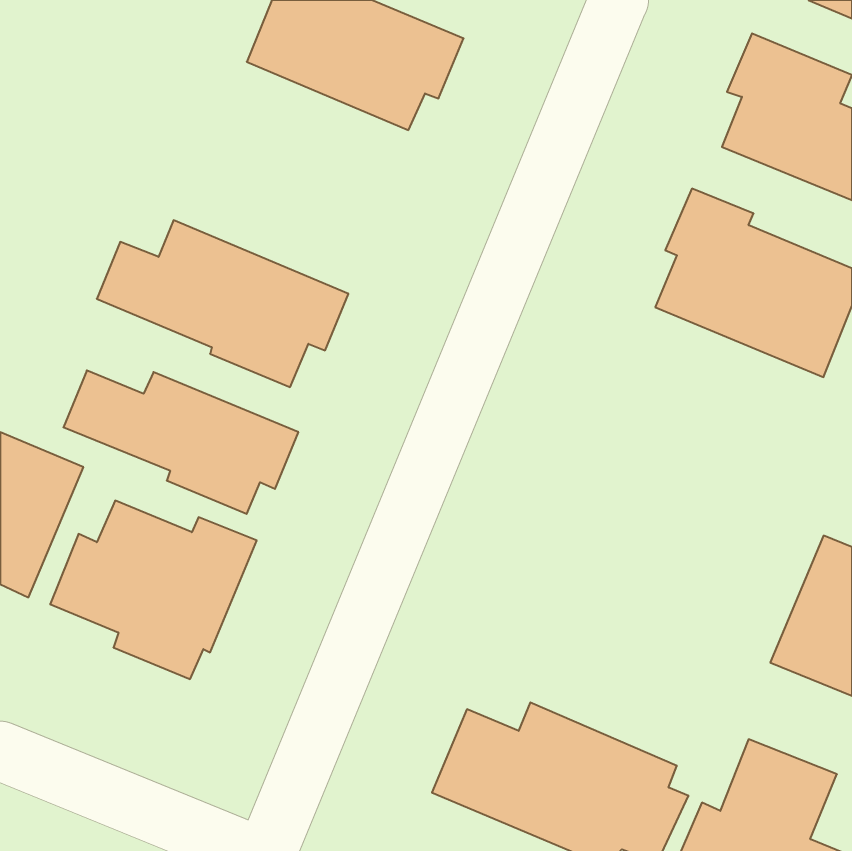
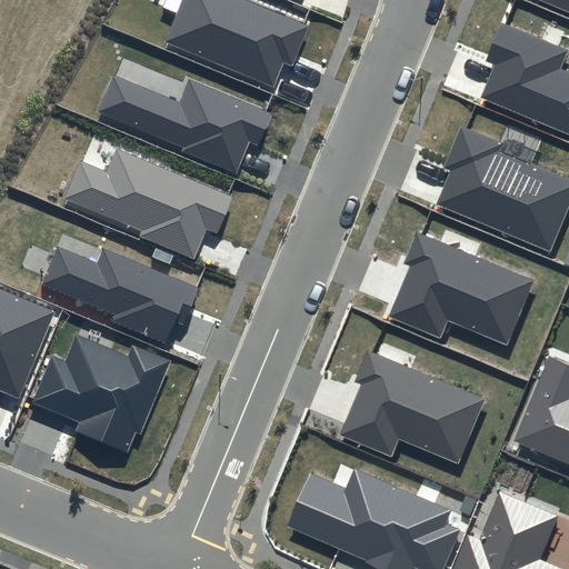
building: none -> [97,74,273,174]
building: none -> [389,232,532,345]
building: none -> [339,350,485,465]

